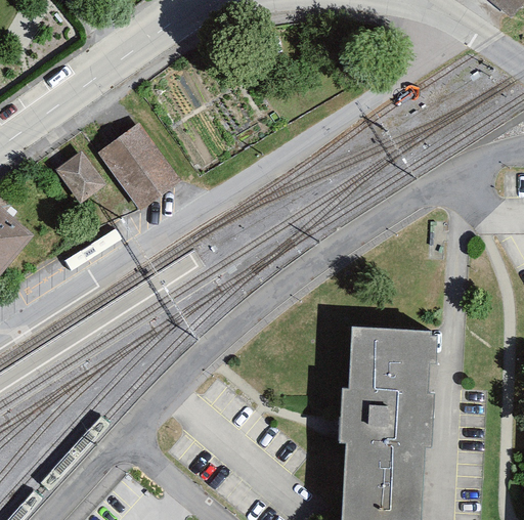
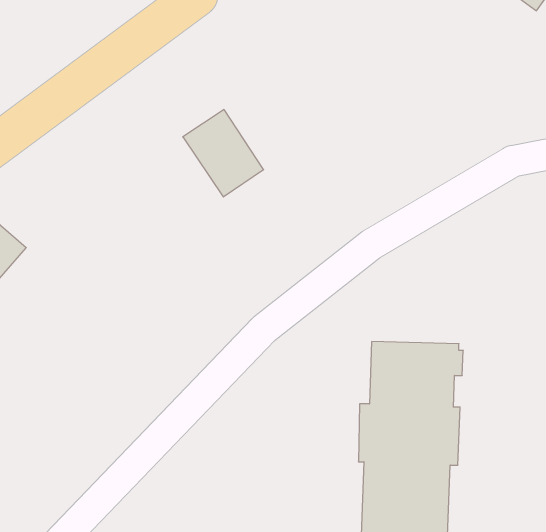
building: [95,125,171,207] -> [183,110,264,197]
building: [55,151,103,204] -> none

